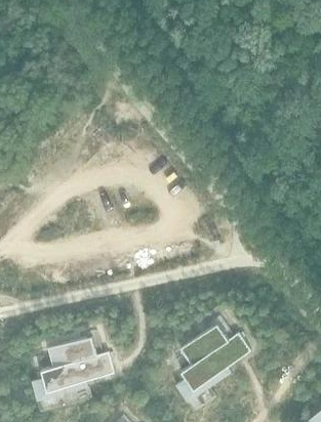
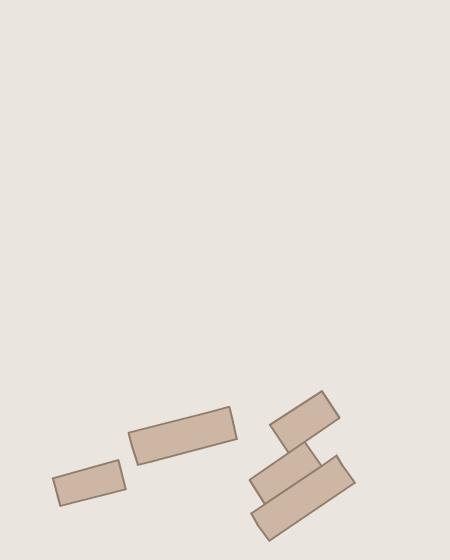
building: none -> [270,391,339,453]
building: [41,354,114,393] -> [129,407,237,465]

